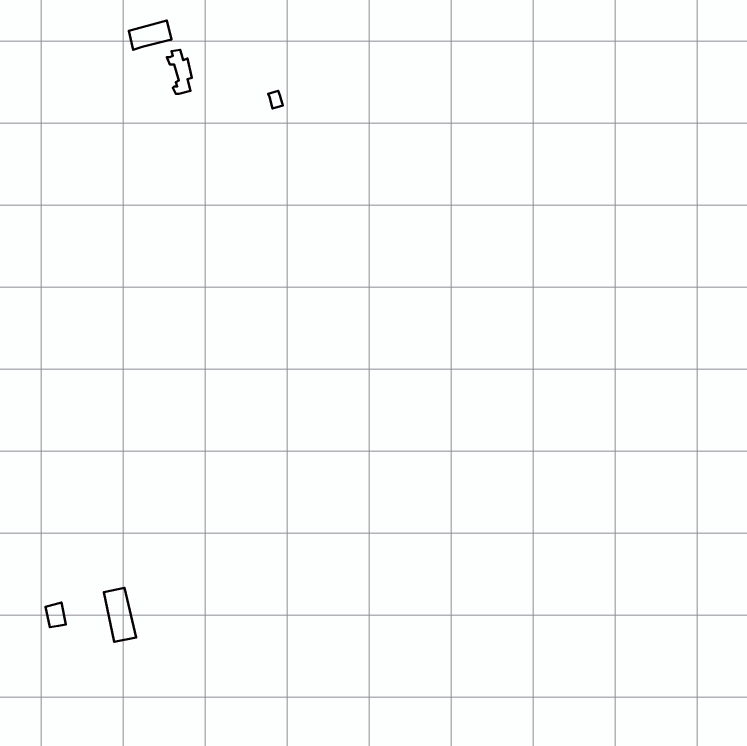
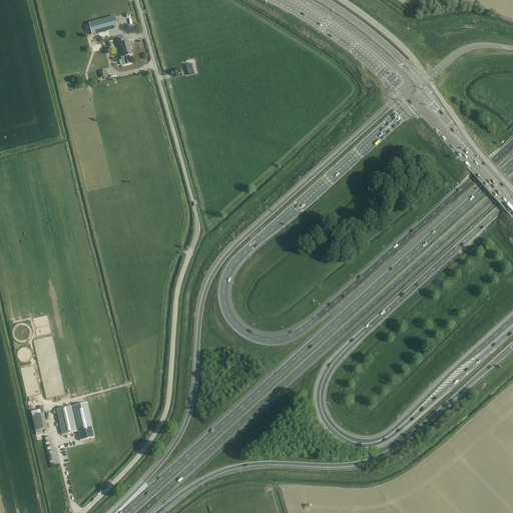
building: none -> [55,405,75,433]

